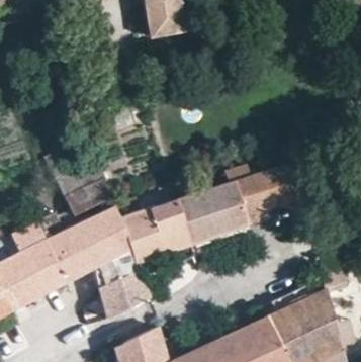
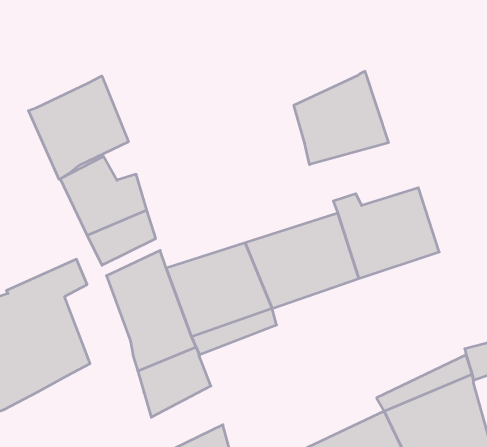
building: none -> [294,71,388,165]
building: none -> [28,76,128,179]
building: [50,222,94,282] -> none

